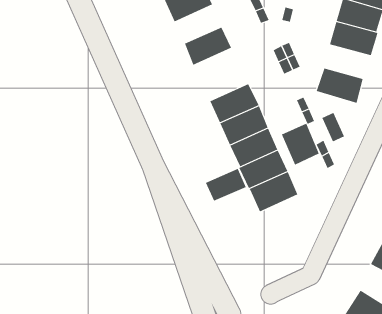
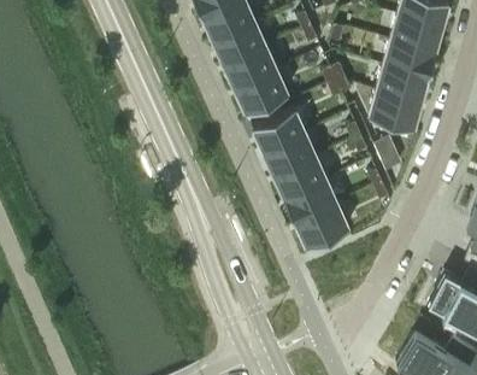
building: none -> [213,24,265,66]
building: none -> [376,68,426,105]
building: none -> [234,71,288,116]
building: [281,123,320,165] -> none
building: [205,168,247,202] -> none

